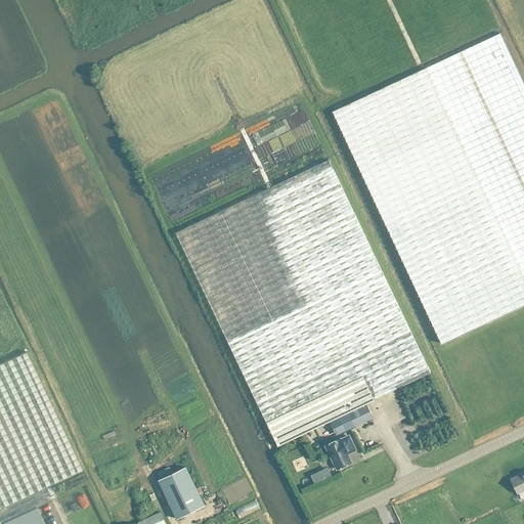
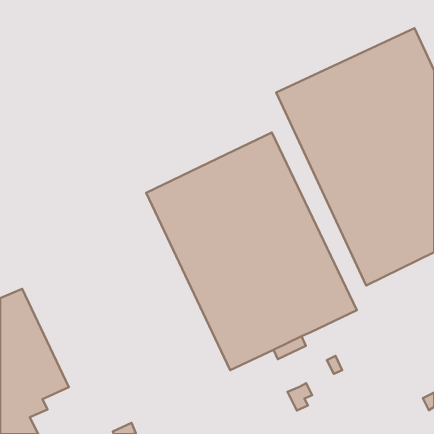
building: [325,436,355,469] -> [288,383,312,410]
building: [158,468,204,519] -> none

